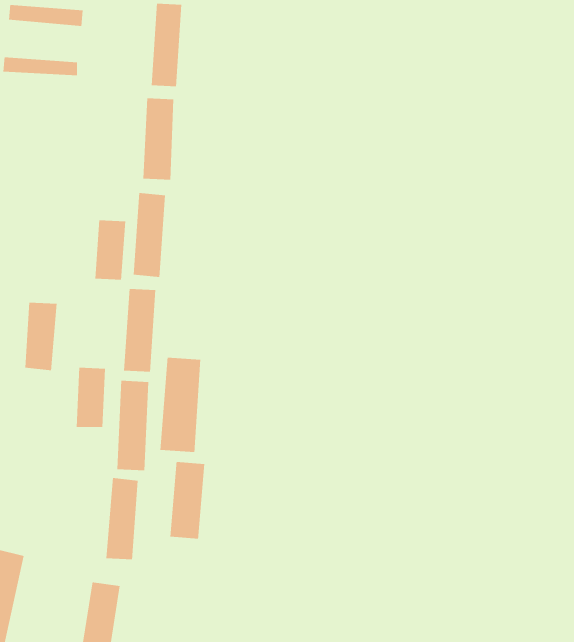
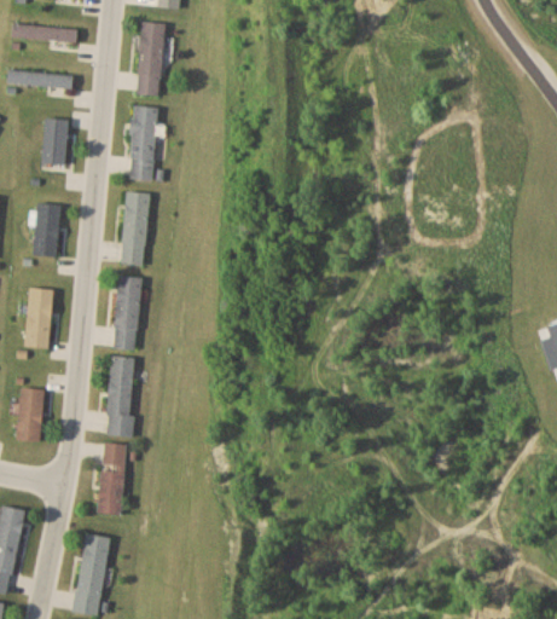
building: none -> [40,120,70,169]
building: [94,220,126,280] -> [34,203,62,256]
building: [160,357,201,453] -> none
building: [76,367,106,427] -> [17,388,43,441]
building: [170,461,205,539] -> none

